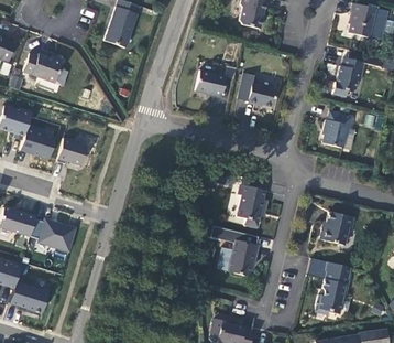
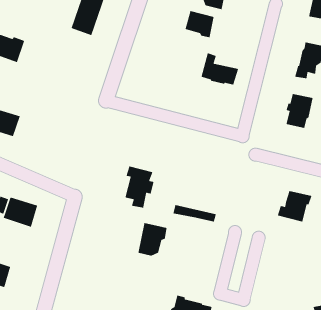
building: [197,67,228,96] -> [184,10,215,38]
building: [55,137,85,164] -> none
building: [237,183,267,227] -> [124,165,155,208]
building: [228,239,259,275] -> [137,222,168,257]
building: [315,260,351,311] -> none

